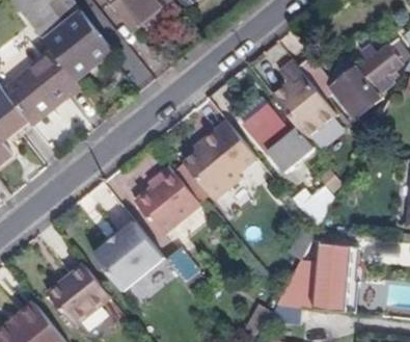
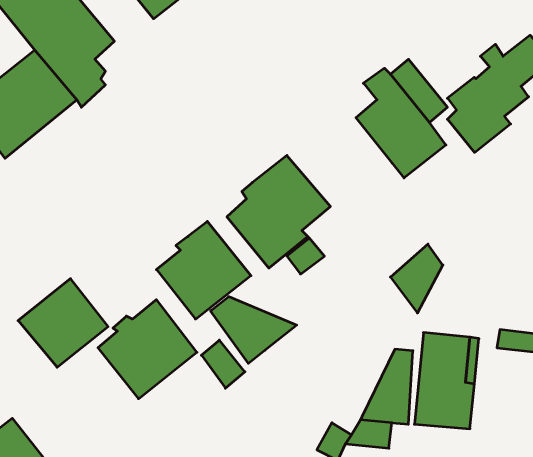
building: [244,107,313,170] -> none
building: none -> [211,297,297,363]
building: [48,263,110,324] -> [18,279,108,367]

